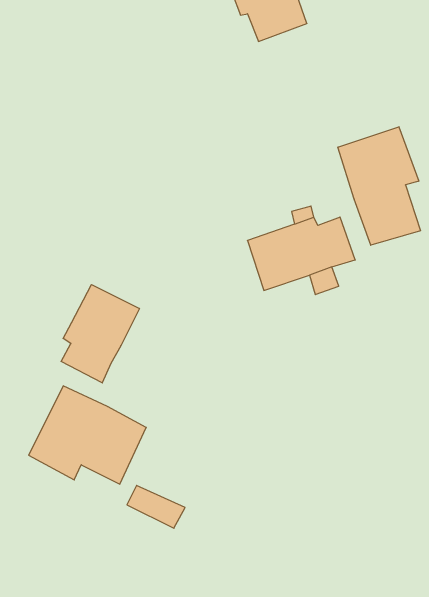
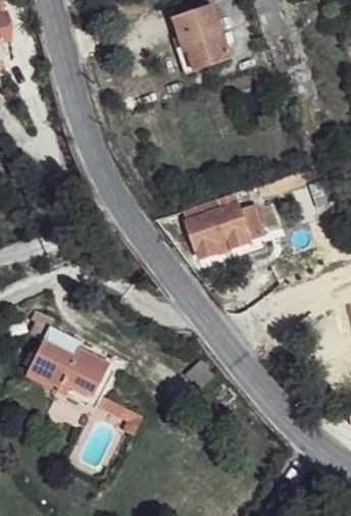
building: [338,127,421,245] -> none
building: [61,285,139,383] -> none

